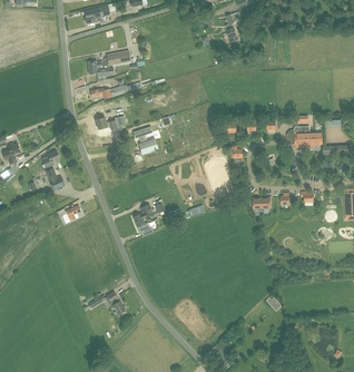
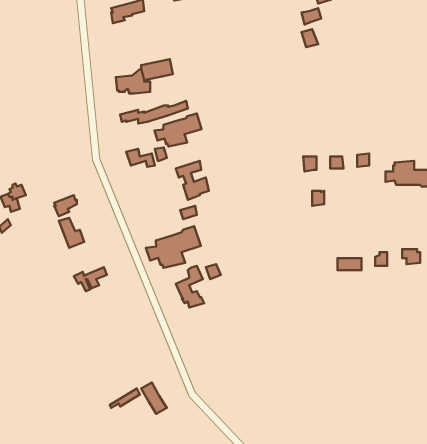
building: none -> [154,113,202,147]
building: none -> [146,226,201,268]

